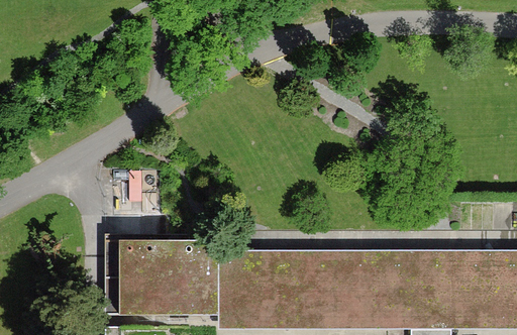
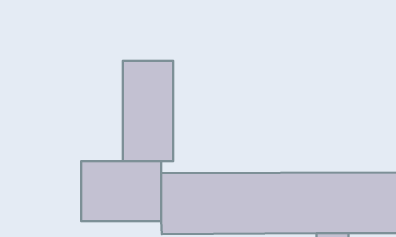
building: none -> [123,61,173,161]

